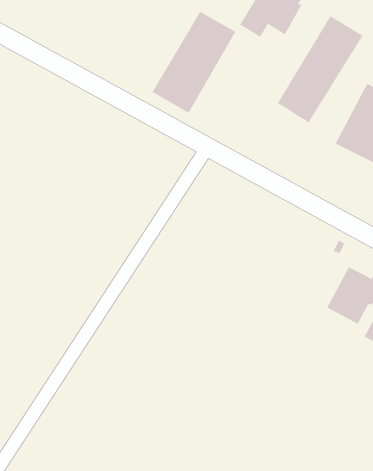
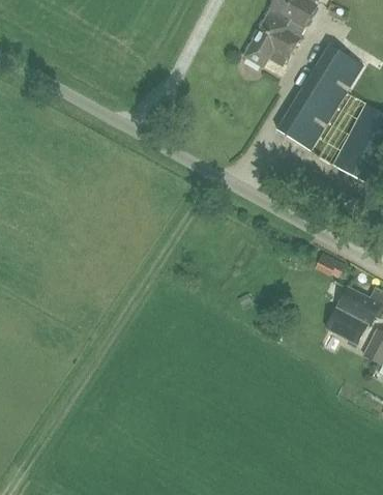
building: [152,11,236,114] -> none

